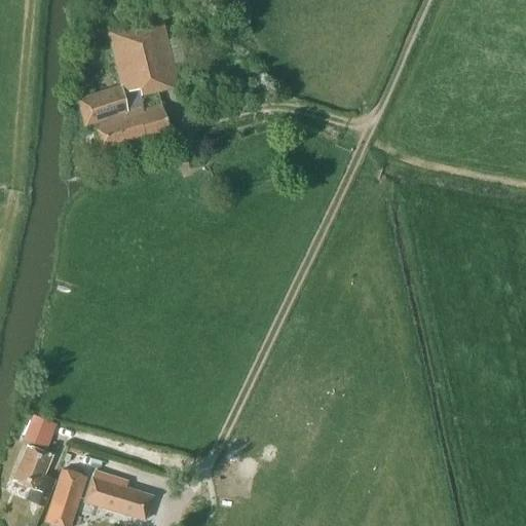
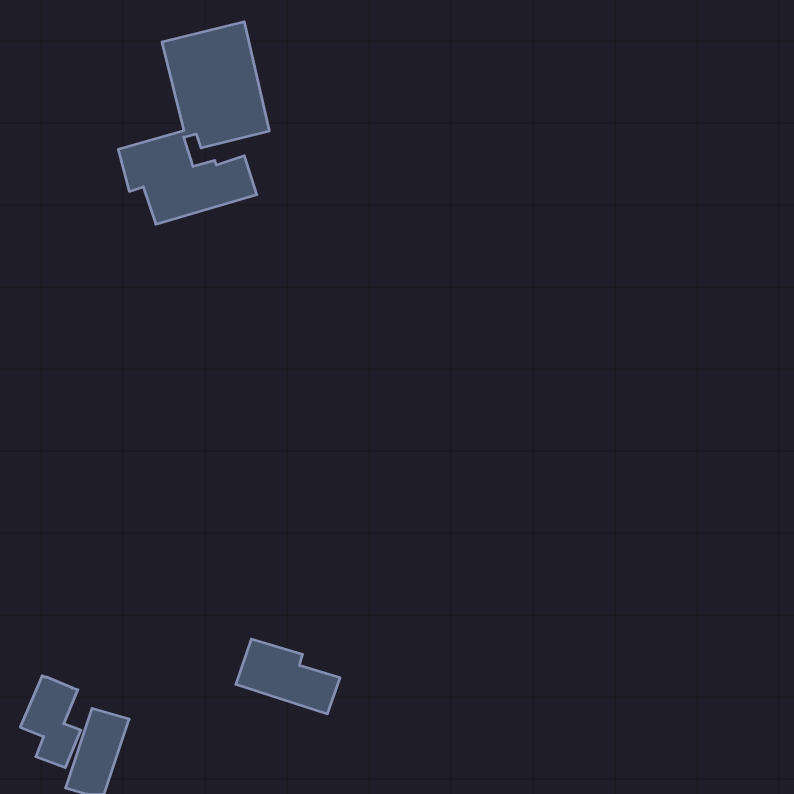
building: [23,413,58,447] -> none
building: [84,471,153,520] -> [236,639,340,714]

